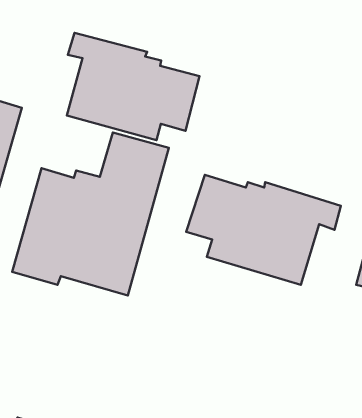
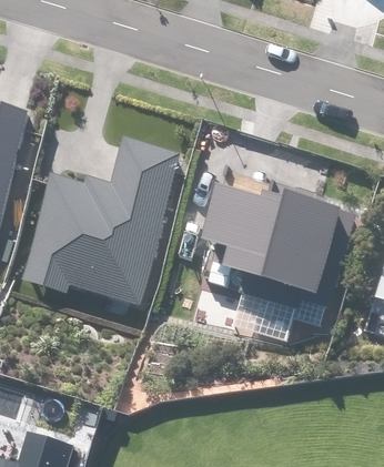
building: [67,33,199,140] -> none

